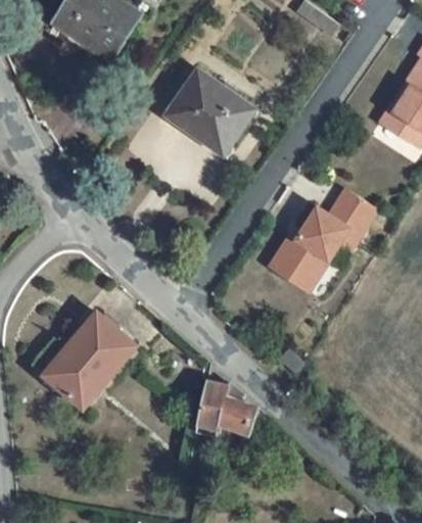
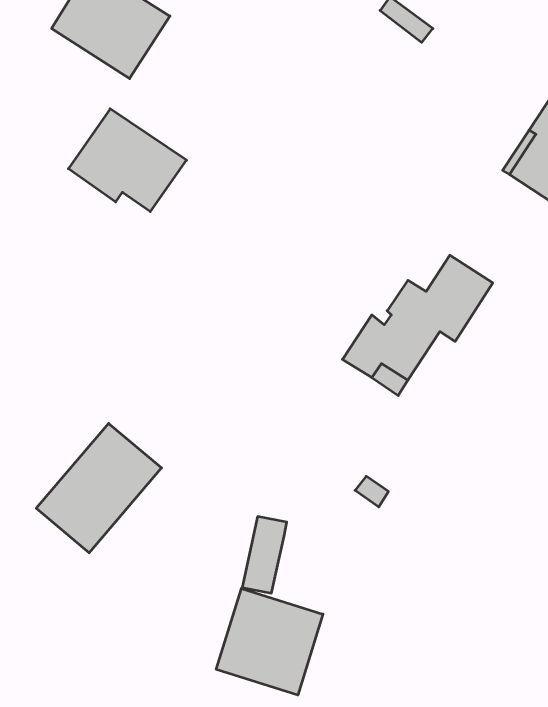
building: [166,69,252,145] -> [68,109,187,212]
building: [218,394,253,431] -> none
building: none -> [216,588,323,695]

